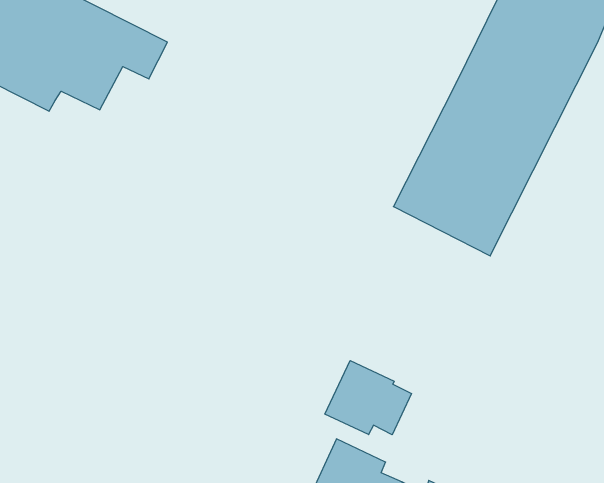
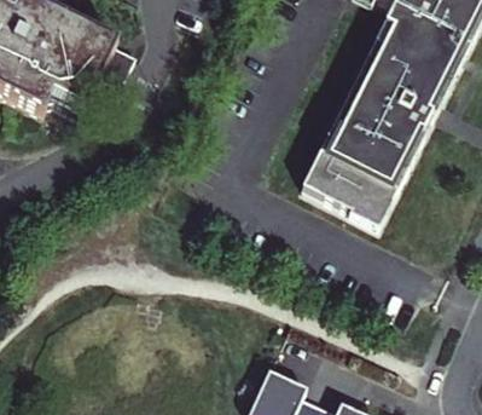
building: [325,361,411,435] -> none

